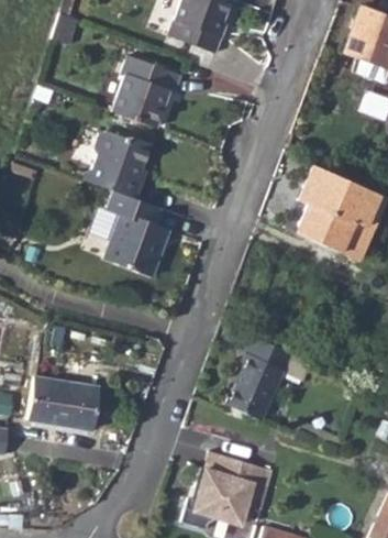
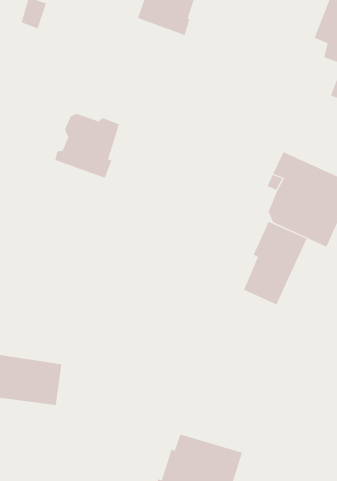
building: [112,53,180,127] -> none
building: [107,187,173,273] -> none
building: [231,337,296,421] -> [243,221,307,305]

